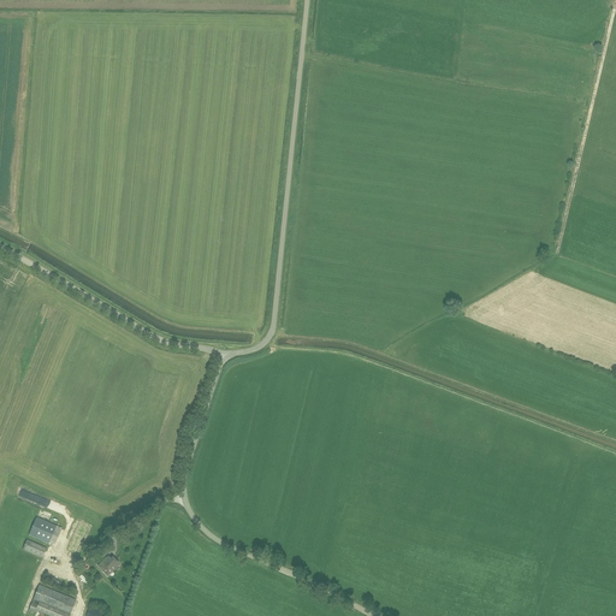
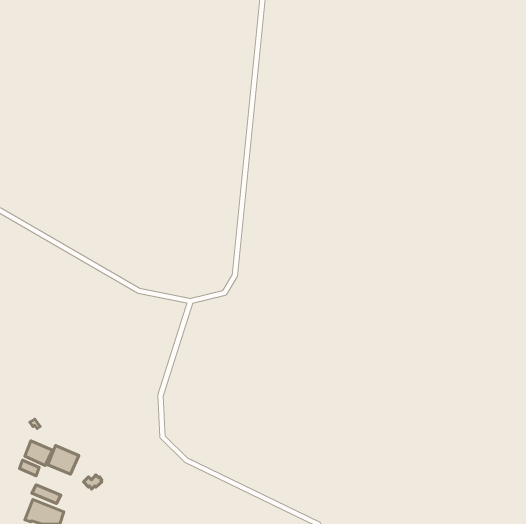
building: none -> [48,445,79,474]

